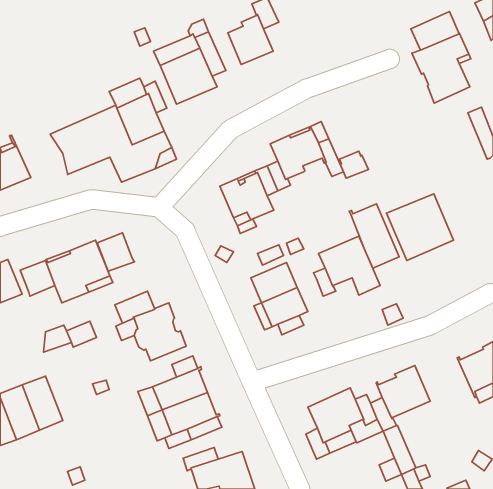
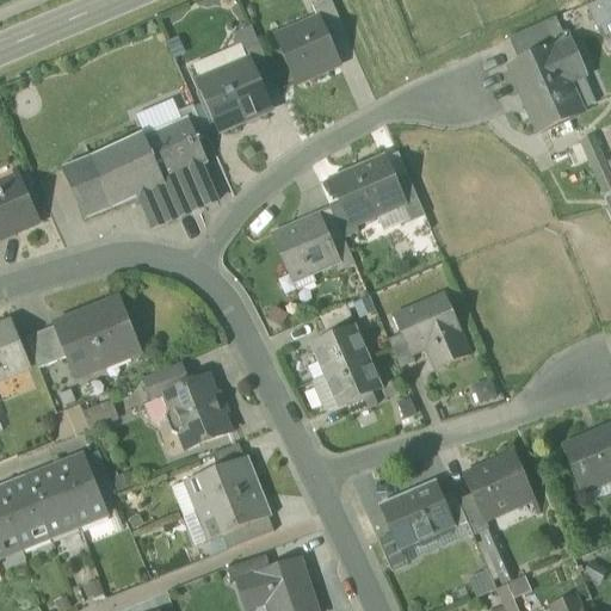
building: [340,151,368,178] -> [375,196,411,229]
building: [387,194,454,260] -> none
building: [349,204,399,268] -> none
building: [97,233,134,271] -> none
building: none -> [56,453,107,520]

